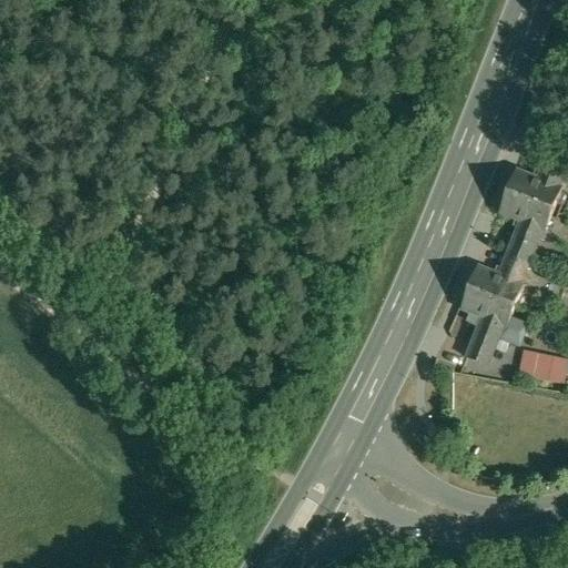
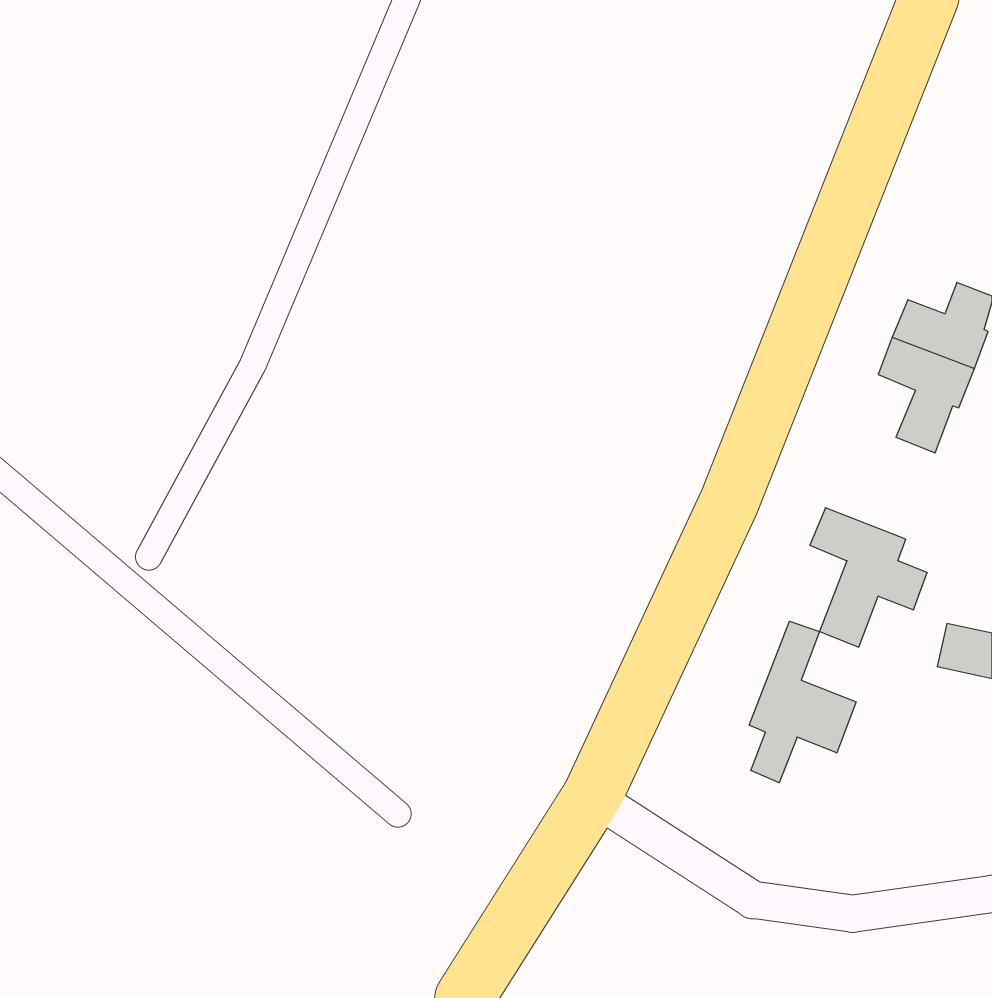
building: [467,247,529,305] -> none
building: none -> [749,621,856,783]

